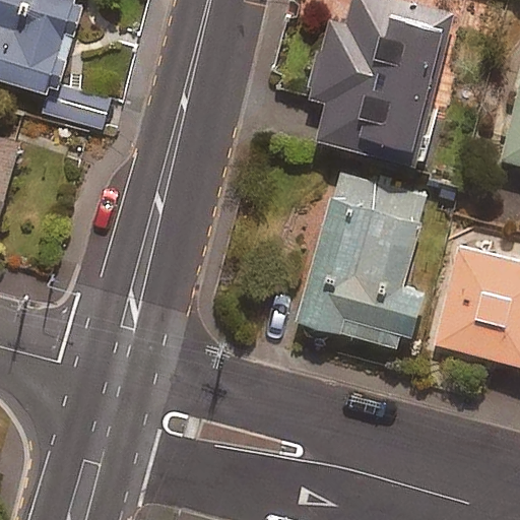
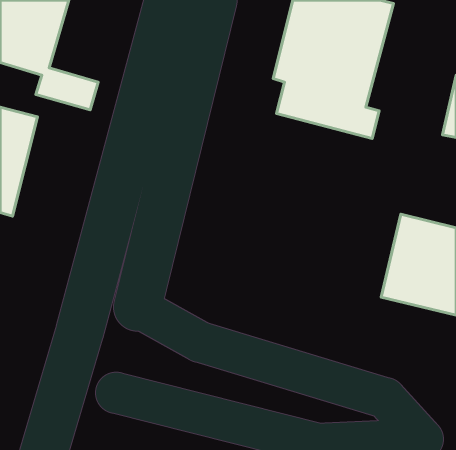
building: [297,176,427,350] -> none

